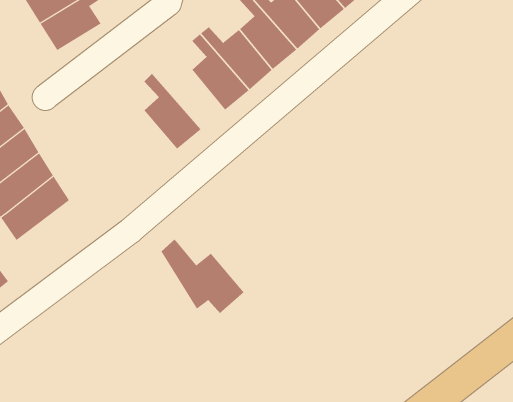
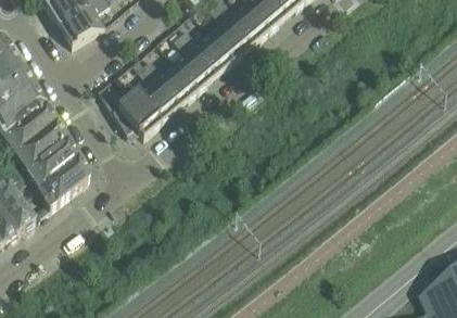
building: none -> [142,56,196,104]
building: none -> [40,157,90,207]
building: [160,238,244,314] -> [98,79,161,136]

